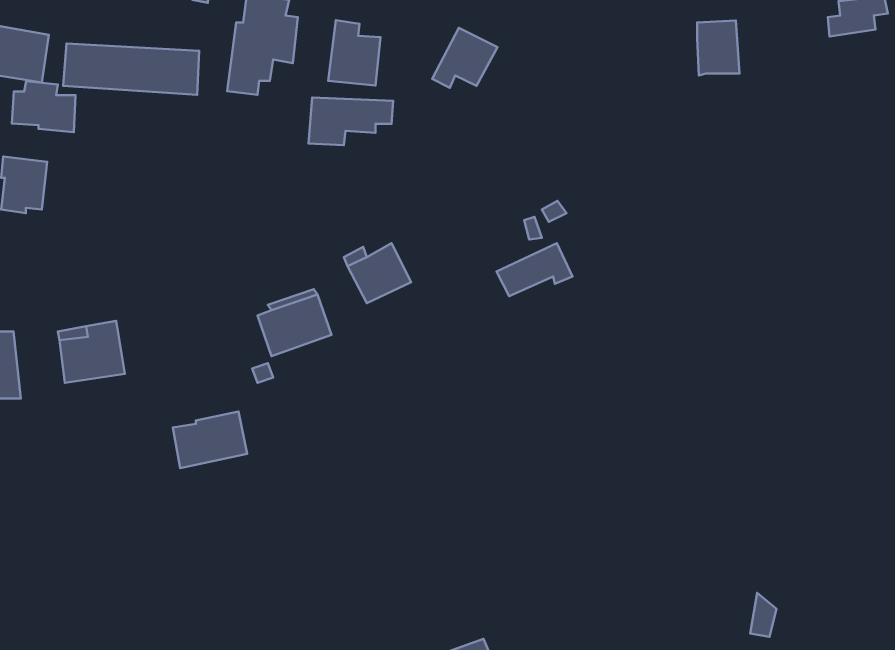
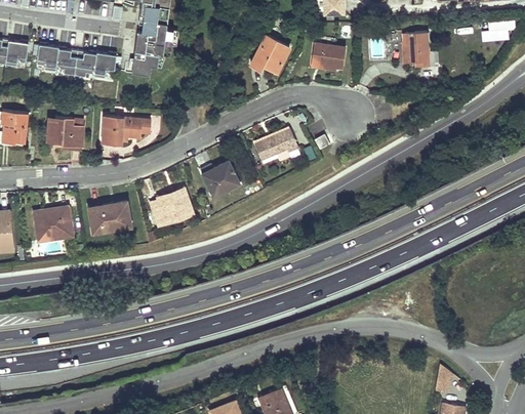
building: [328,20,380,86] -> none
building: none -> [311,43,345,69]
building: [12,81,76,132] -> [46,118,83,148]
building: [309,97,393,145] -> [102,117,151,144]
building: [497,243,573,296] -> [254,129,298,160]
building: [173,412,247,468] -> [89,201,132,234]

